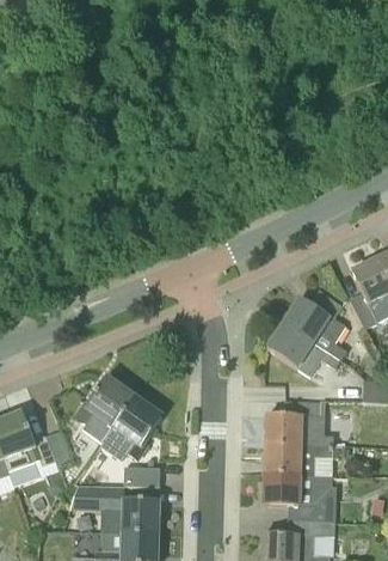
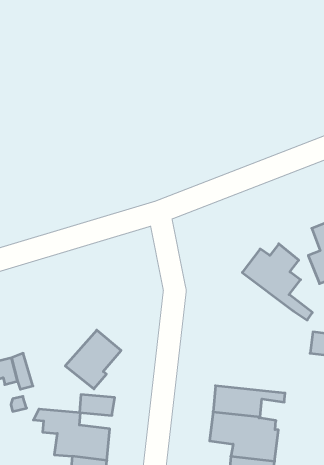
building: [266,323,339,376] -> none
building: [74,377,134,443] -> none
building: [264,400,341,446] -> none

